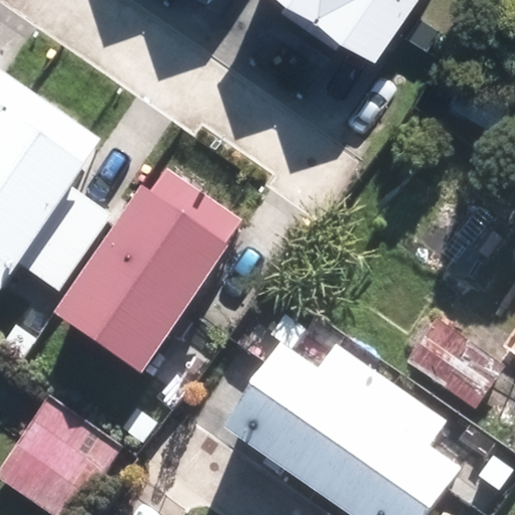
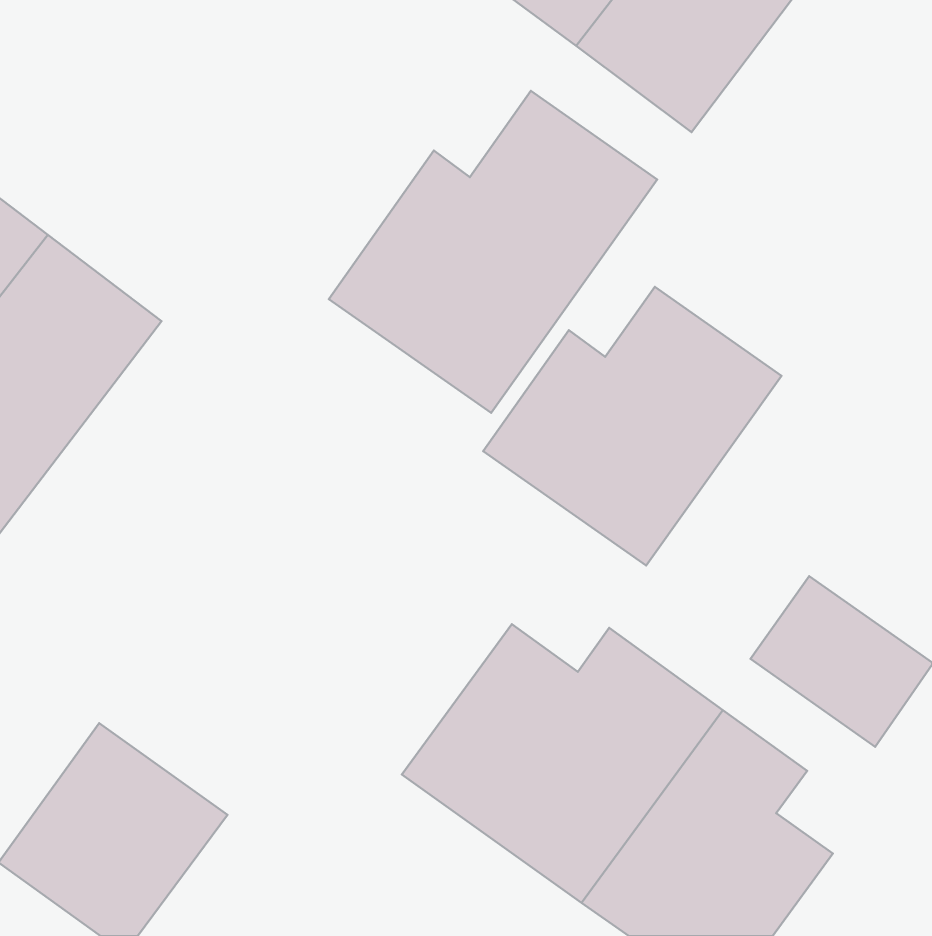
building: none -> [329,91,657,413]
building: none -> [483,287,782,565]
building: [51,168,234,370] -> none

